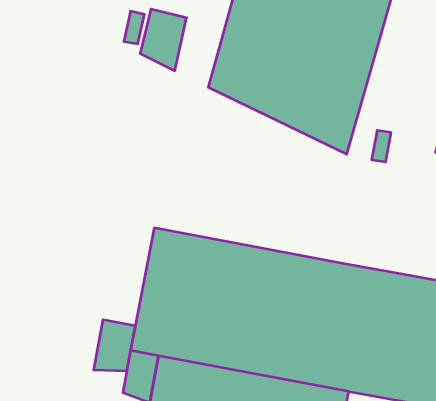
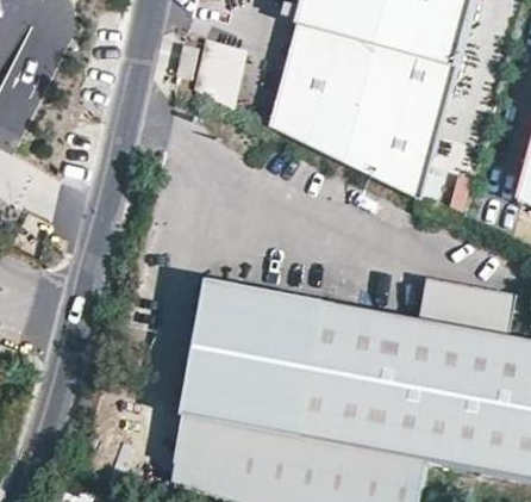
building: none -> [417,274,505,334]
building: [94,320,135,371] -> none

